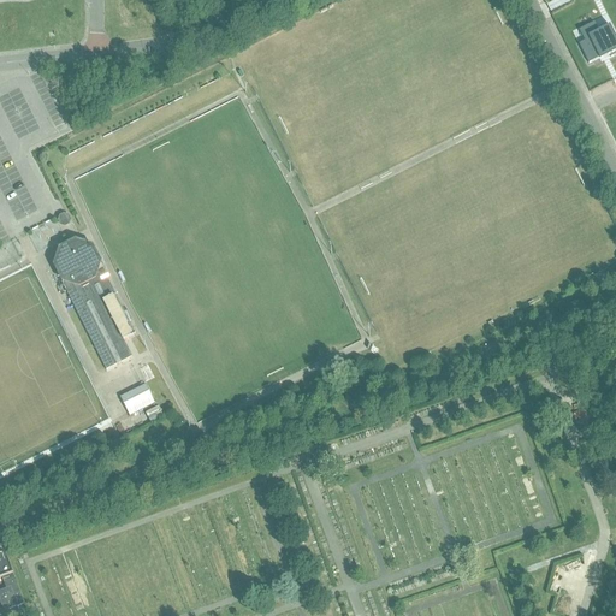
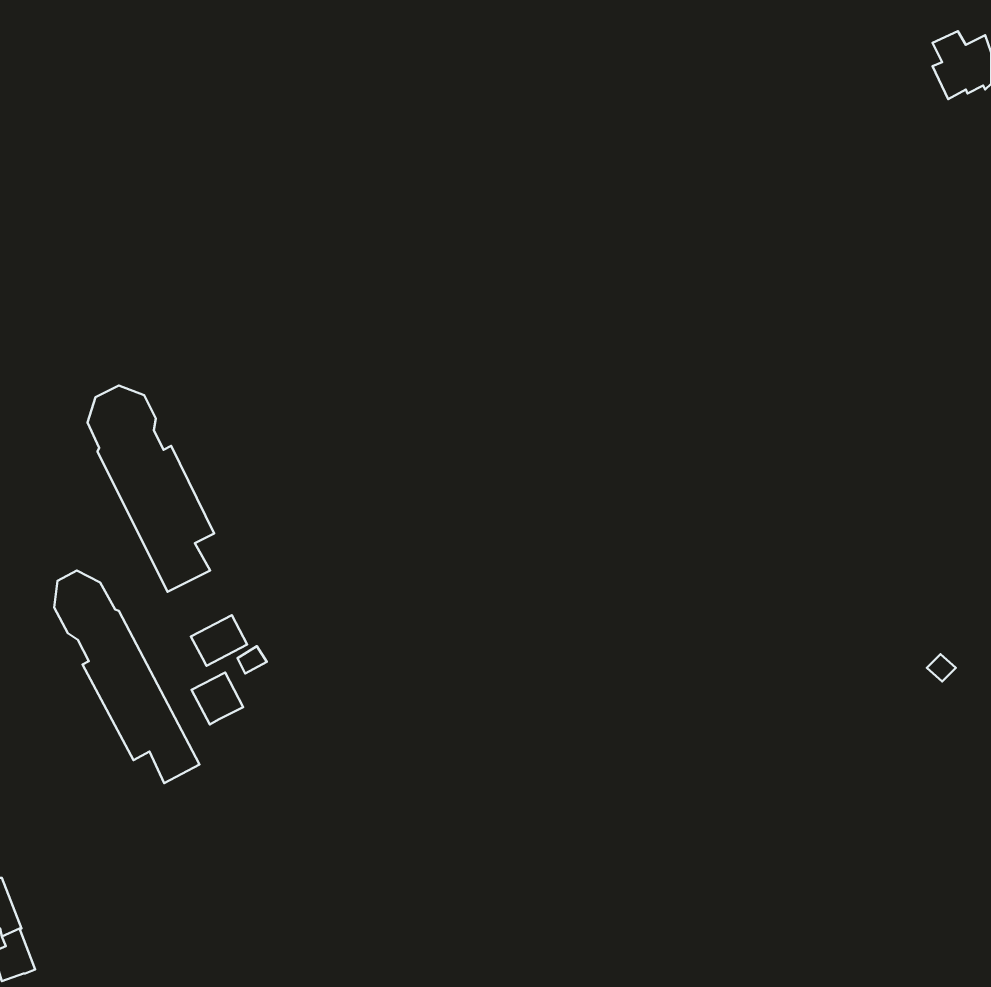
building: none -> [54,571,200,783]
building: none -> [192,672,243,724]

